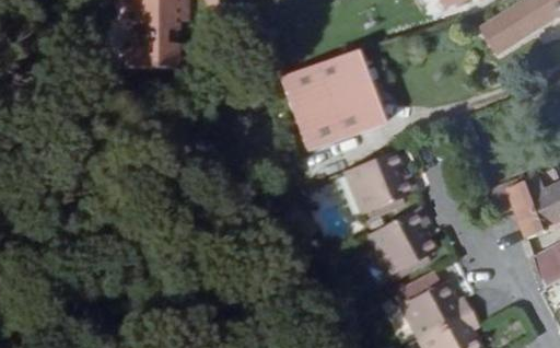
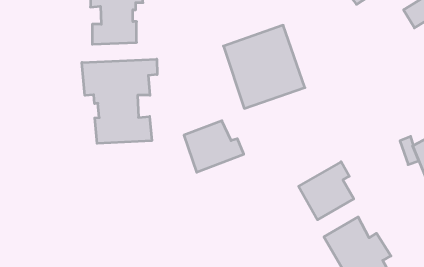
building: none -> [82,59,157,143]
building: [351,153,423,216] -> [184,121,244,172]

